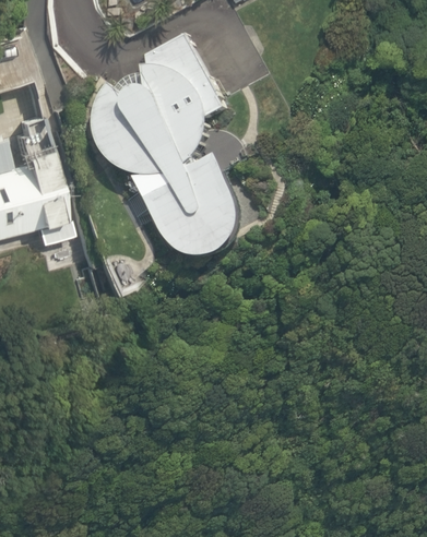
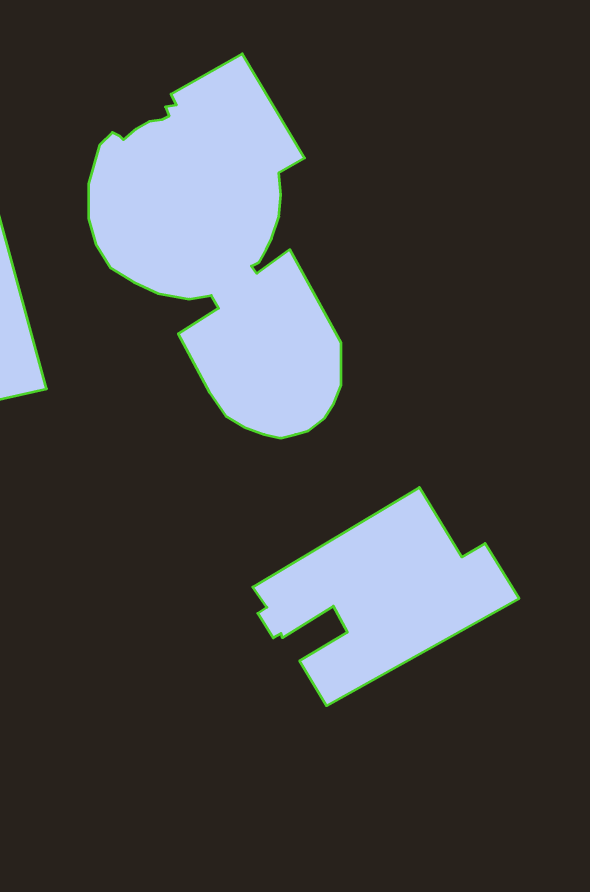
building: none -> [253,487,519,706]

